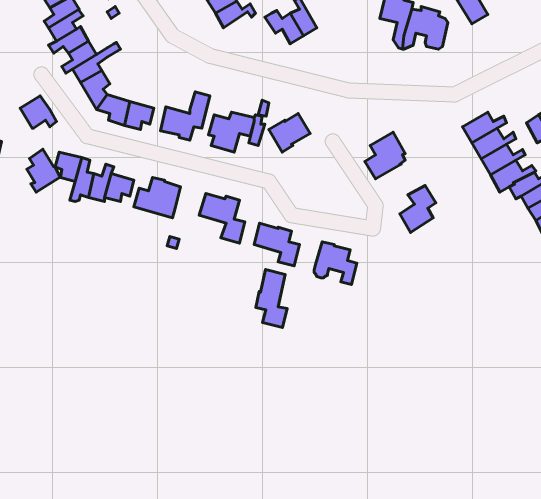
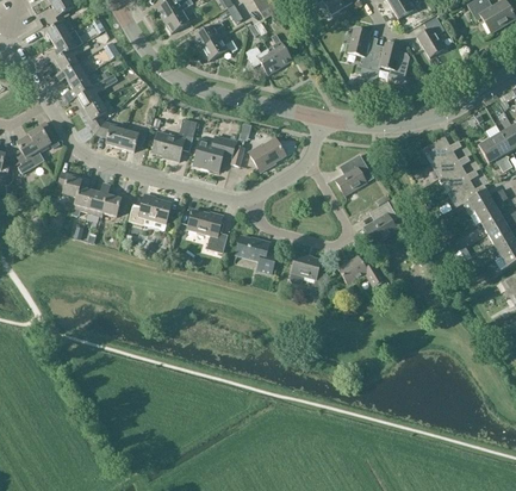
building: [27,149,60,192] -> [13,135,43,173]
building: none -> [336,255,383,286]
building: [256,270,287,328] -> none

